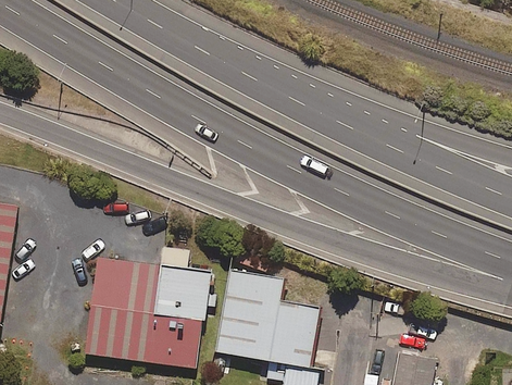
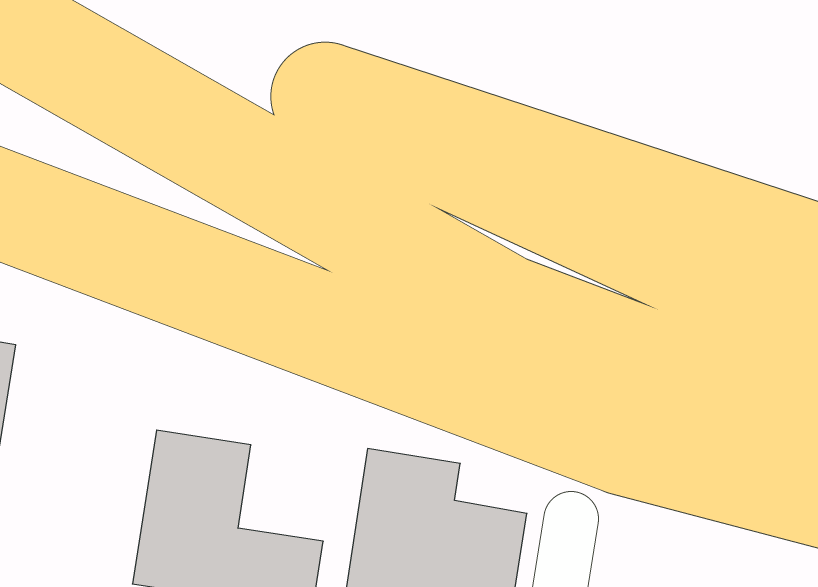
building: [155,261,214,323] -> none

